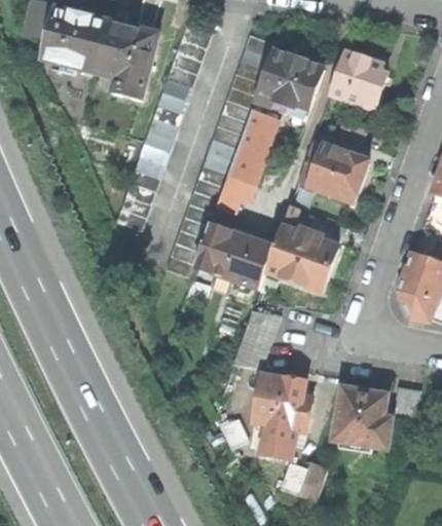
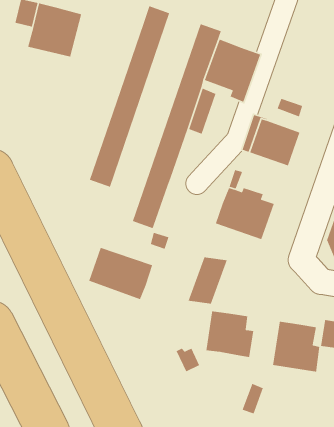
building: [94,20,157,100] -> none
building: [329,50,388,113] -> none
building: [214,158,262,225] -> none
building: [196,225,274,289] -> [88,247,153,300]
building: [263,425,300,460] -> none

